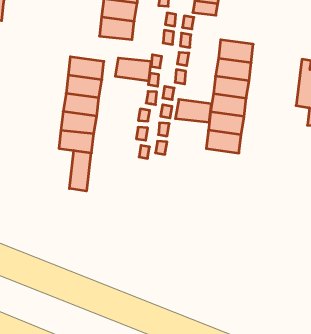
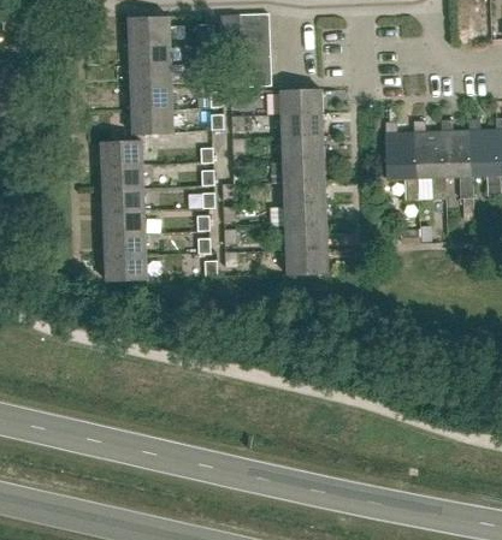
building: none -> [279,89,321,114]
building: [115,58,151,81] -> [100,141,142,166]
building: [175,99,211,122] -> [285,249,327,274]
building: [69,150,91,191] -> none

